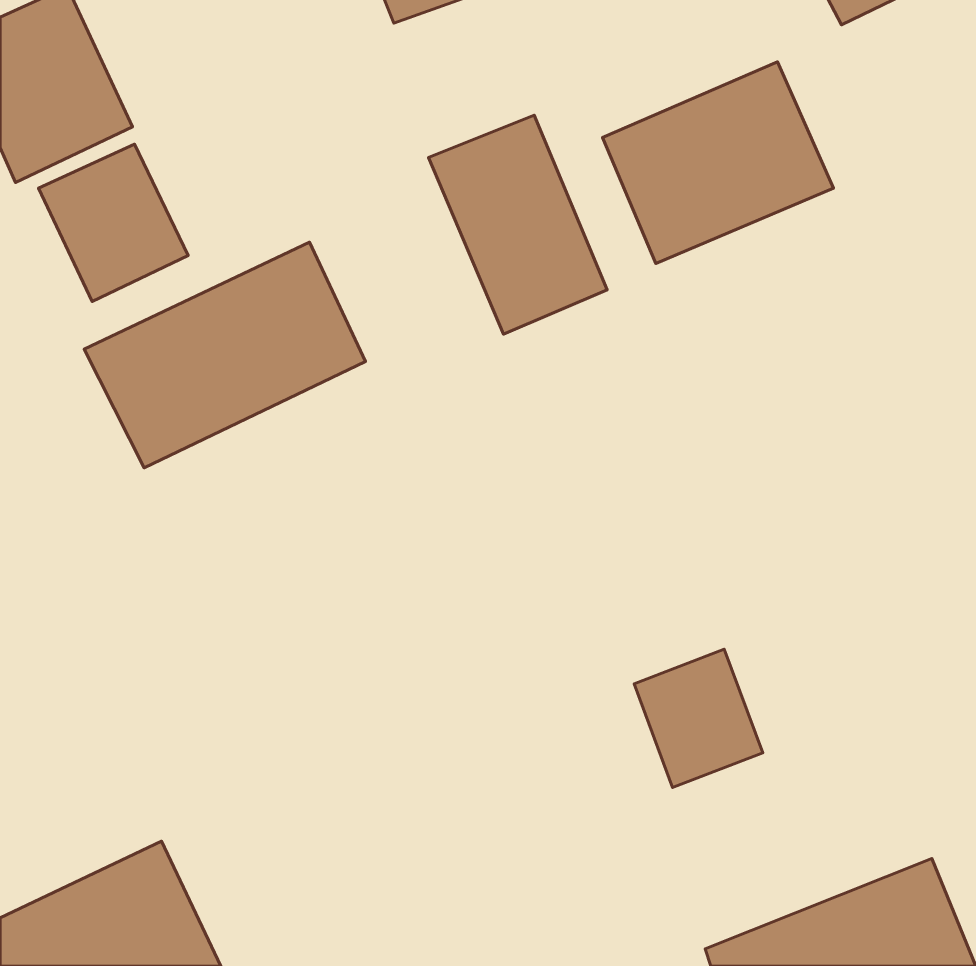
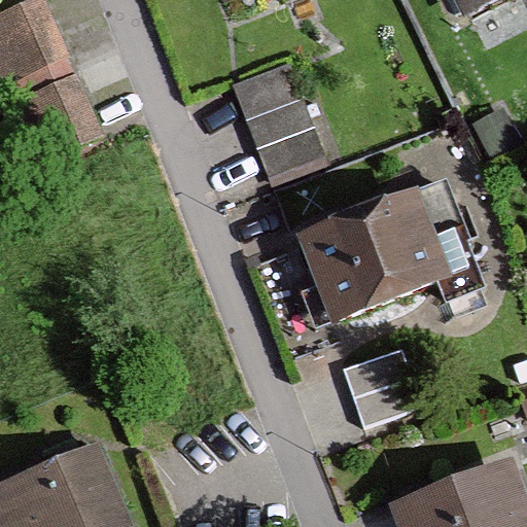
building: [603,62,834,263] -> none
building: [84,242,366,468] -> none
building: none -> [288,184,481,324]

